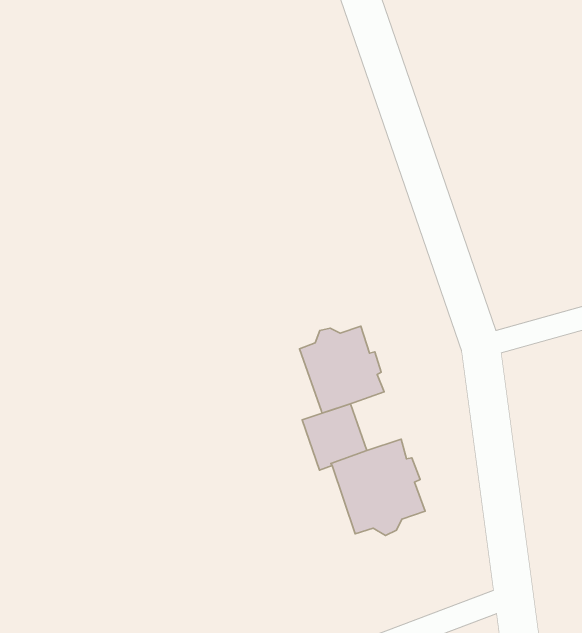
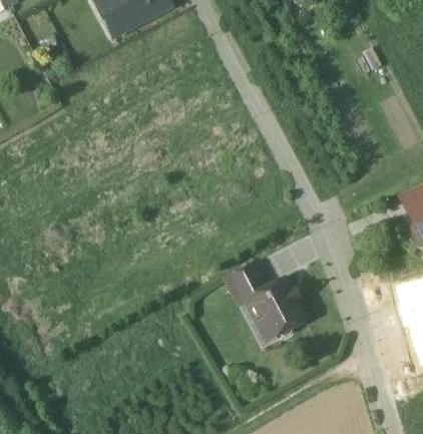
building: [299,326,384,413] -> none

